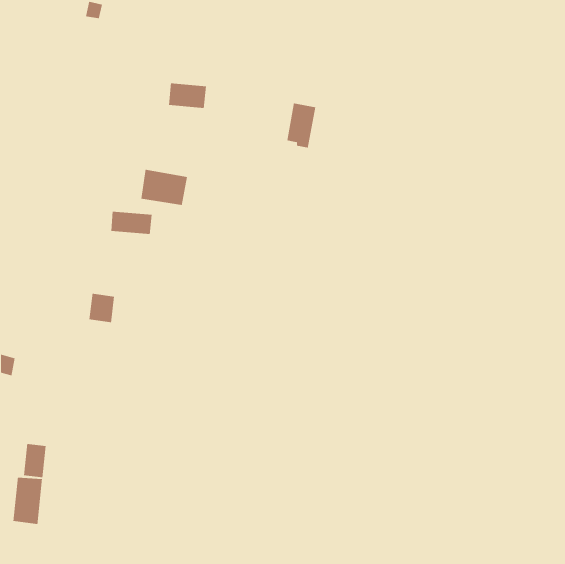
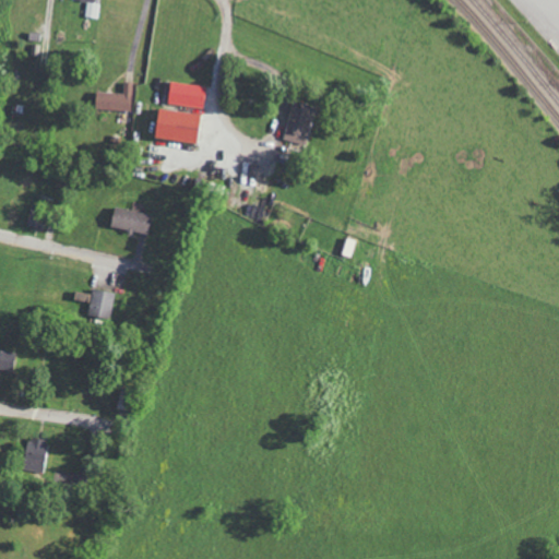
building: none -> [94,83,131,111]
building: [140,169,188,206] -> [152,108,199,144]
building: [13,477,42,525] -> none

